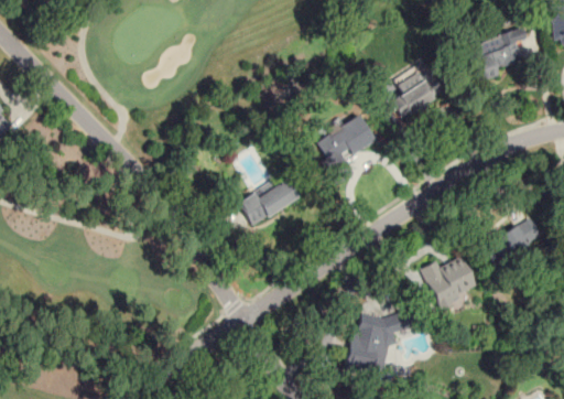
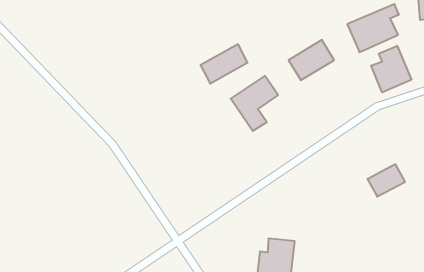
building: none -> [371,46,411,92]
building: [241,175,301,225] -> [200,44,248,84]
building: [422,256,481,310] -> none

